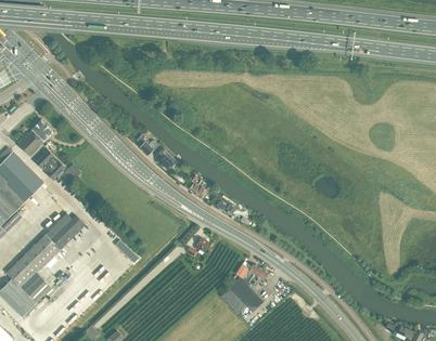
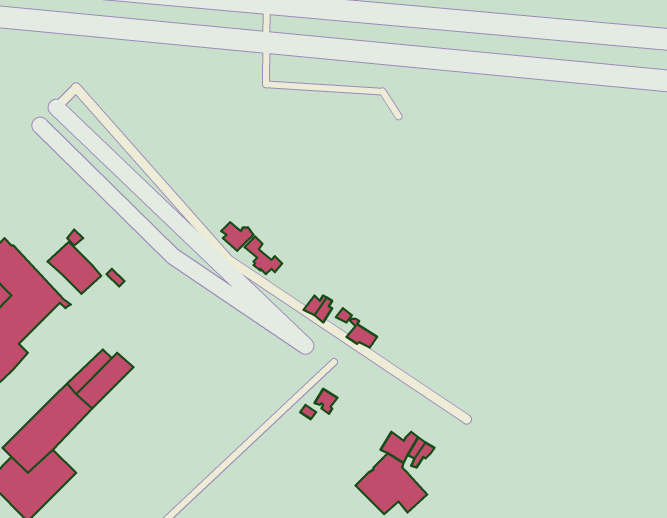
building: [16,119,52,155] -> none

